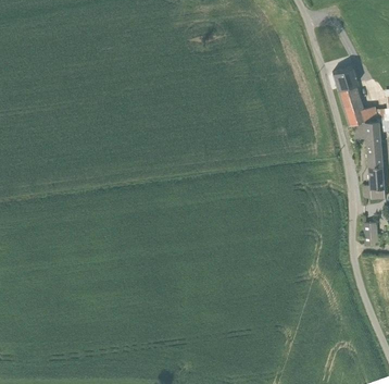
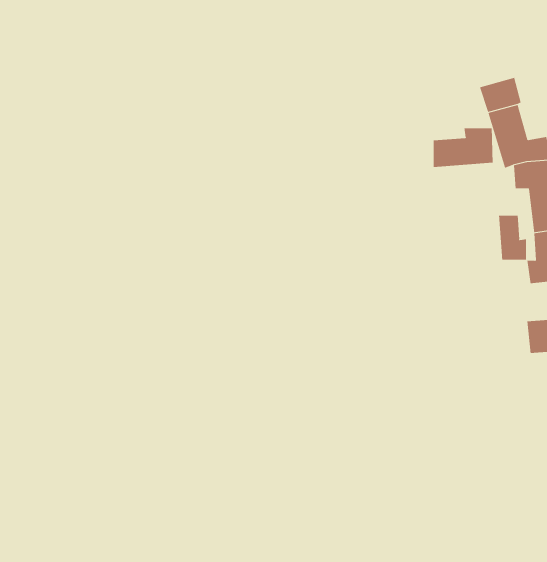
building: none -> [433,128,493,168]
building: none -> [499,215,527,261]

